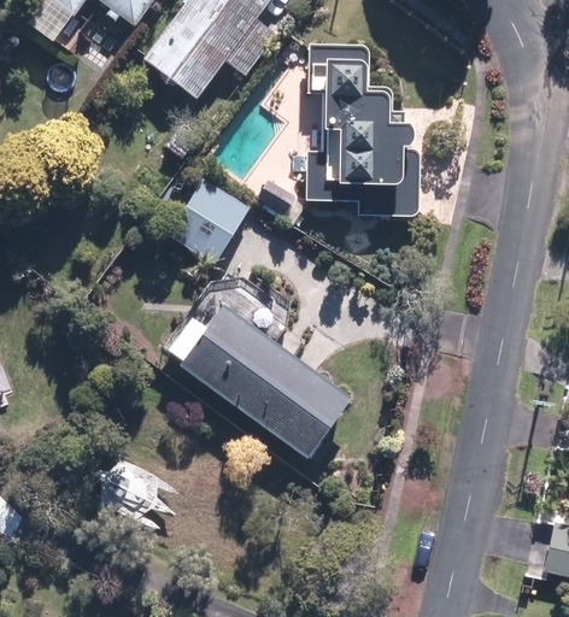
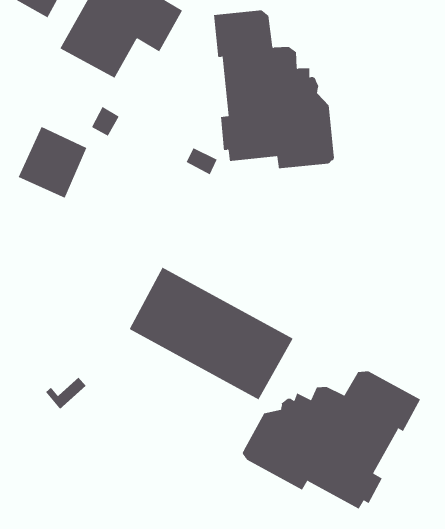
building: [171,180,248,259] -> [18,126,87,199]
building: none -> [242,371,421,510]

